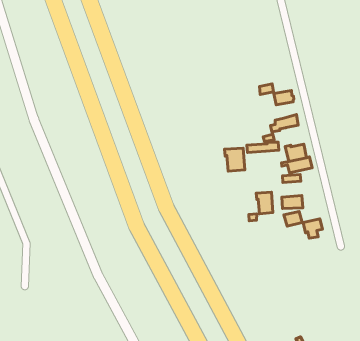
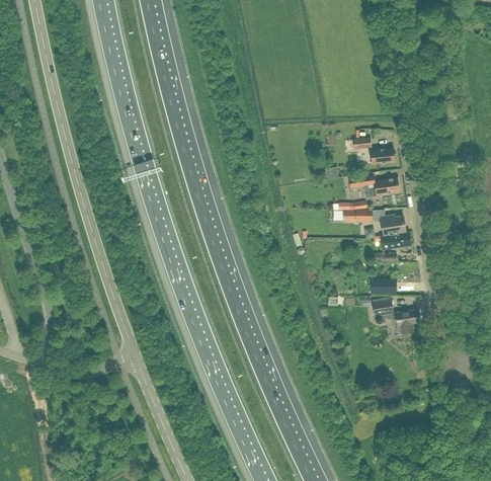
building: [225,148,245,171] -> none
building: [256,192,273,214] -> none

